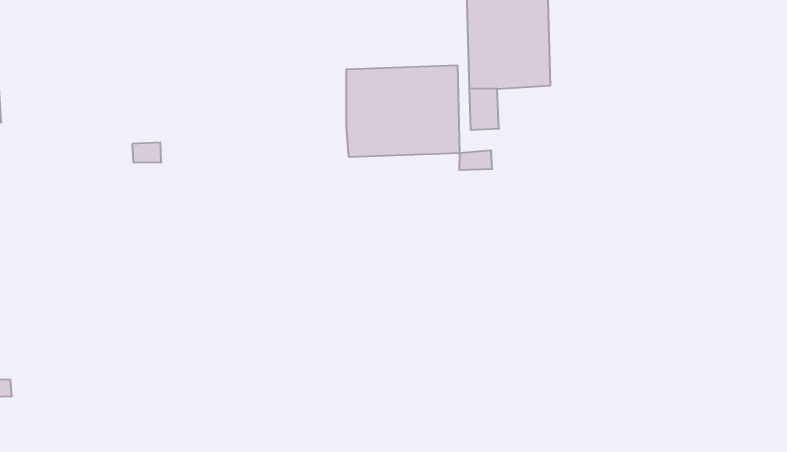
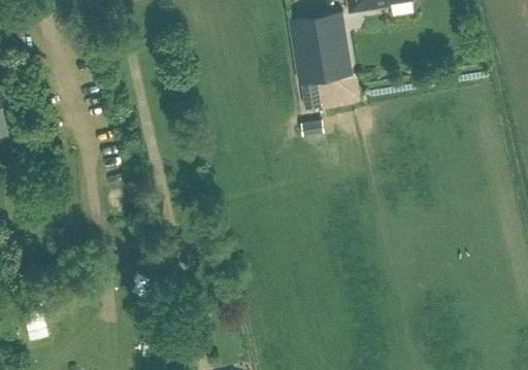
building: [347,65,459,157] -> none

